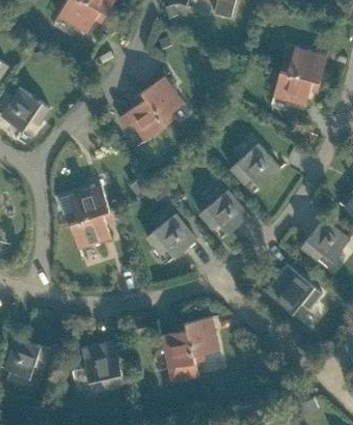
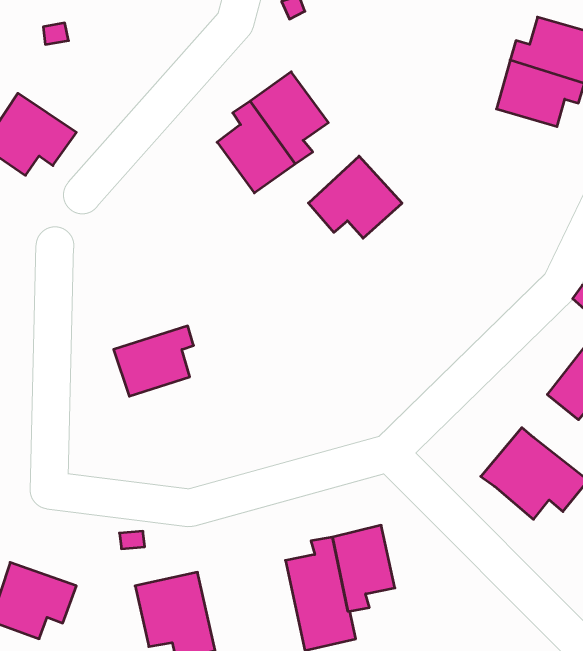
building: [230,144,280,188] -> [308,156,402,238]
building: [66,186,109,224] -> none
building: [199,191,249,234] -> none
building: [146,215,196,258] -> none

